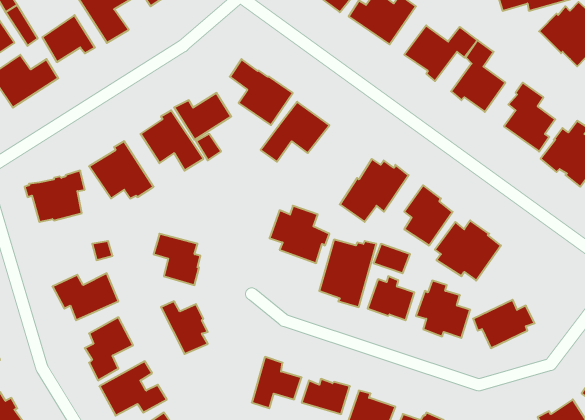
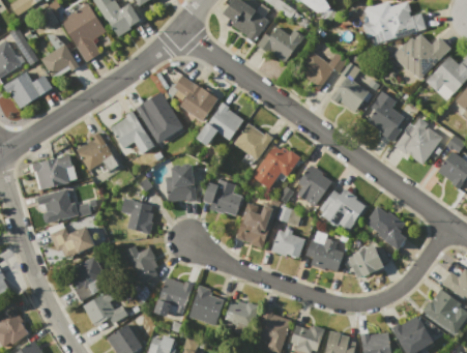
building: none -> [234,123,274,160]
building: none -> [165,163,196,202]
building: none -> [36,188,74,223]
building: none -> [364,206,406,249]
building: none -> [154,276,193,316]

